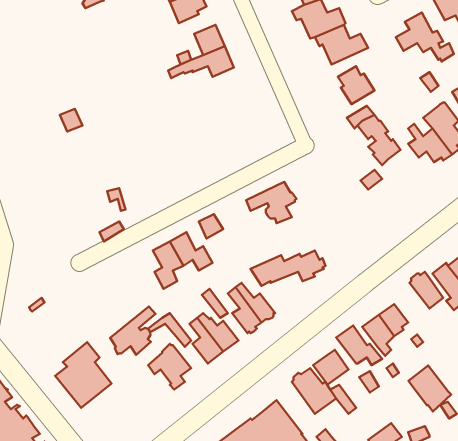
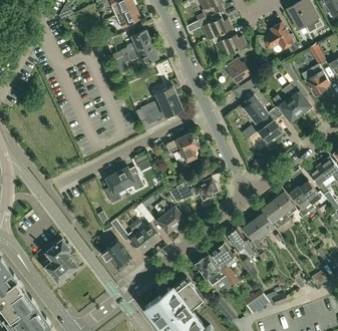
building: none -> [139,86,182,123]
building: none -> [258,108,282,142]
building: [110,306,156,355] -> none
building: [408,366,451,411] -> [260,200,288,230]

